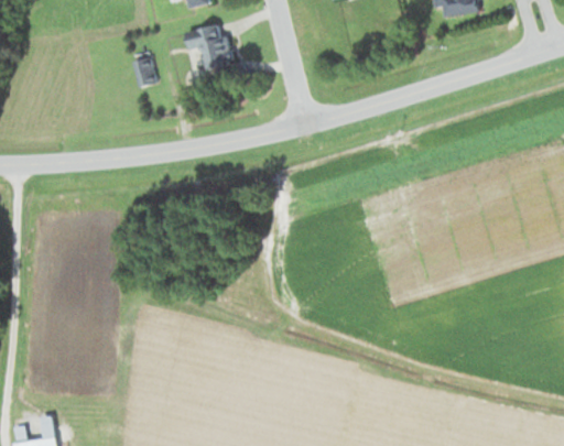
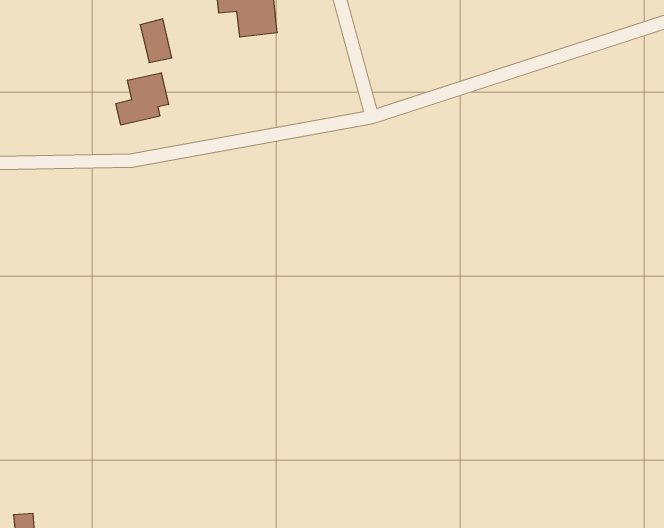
building: none -> [116,73,169,125]

